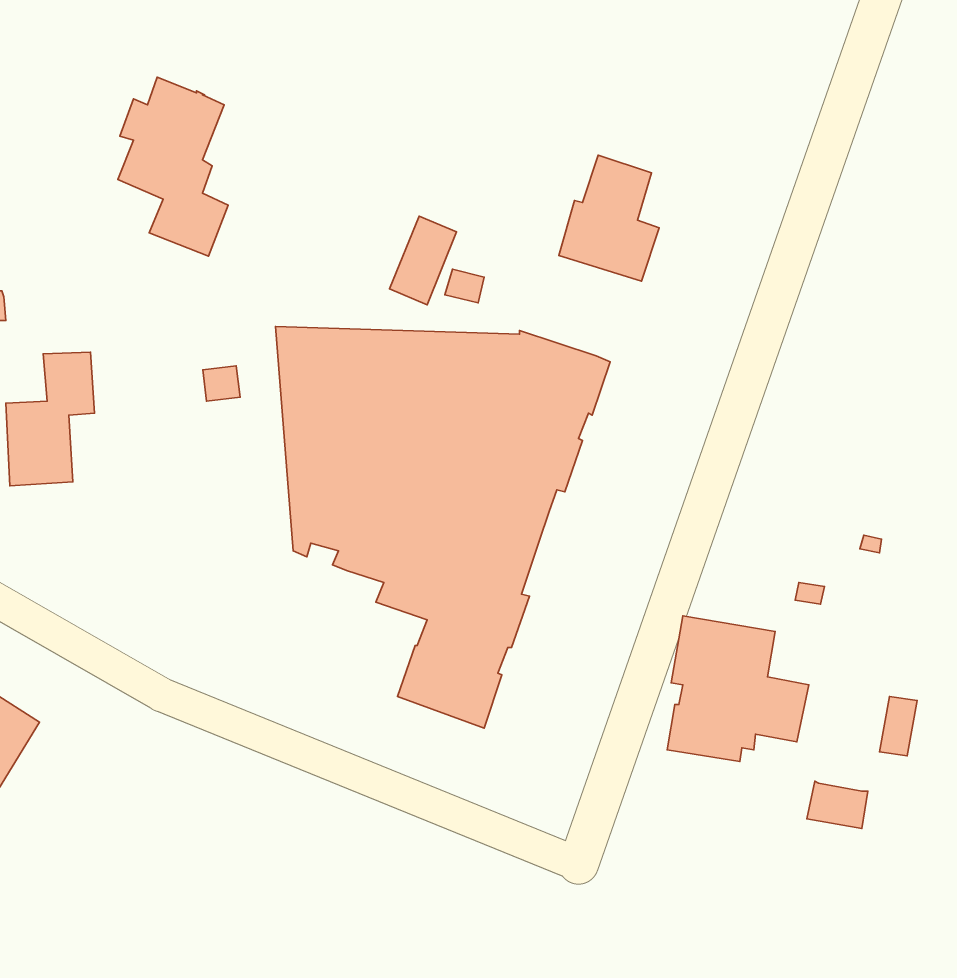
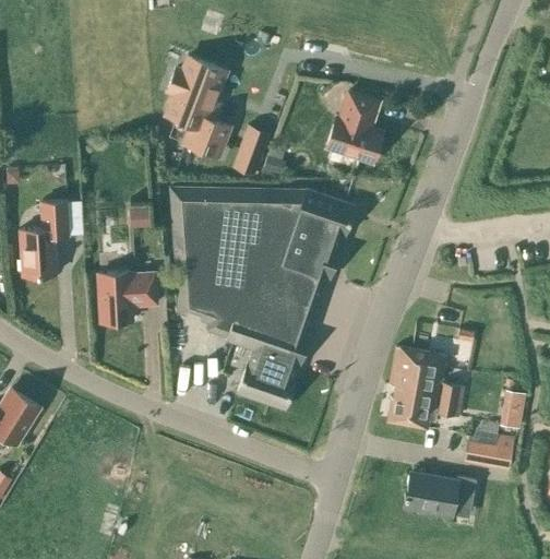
building: [118,77,228,256] -> [167,56,228,155]
building: none -> [99,272,157,322]
building: none -> [405,472,477,515]

